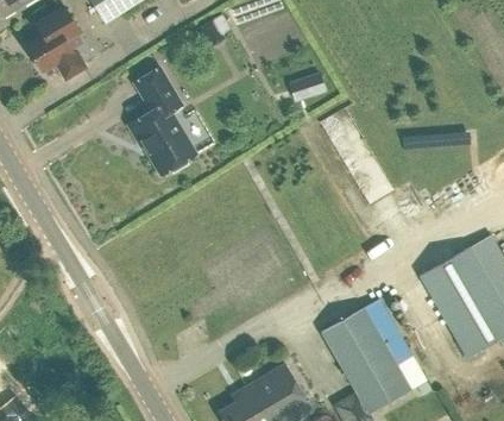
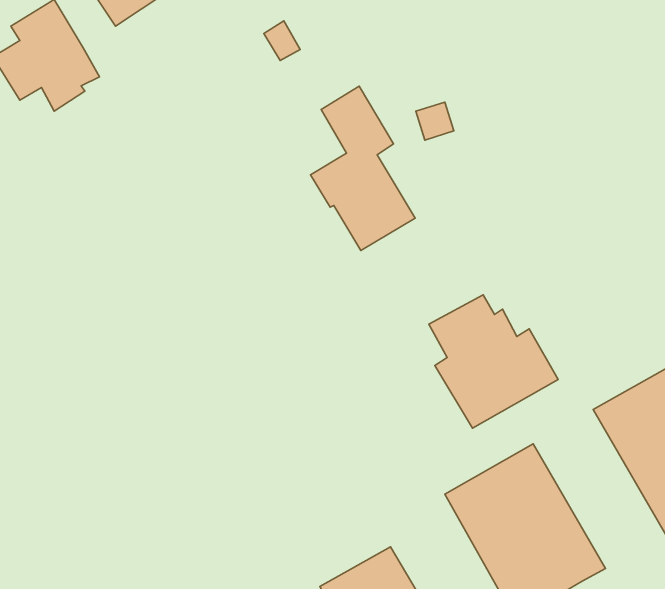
building: [127,68,196,176] -> [310,86,415,251]
building: none -> [429,295,558,428]

